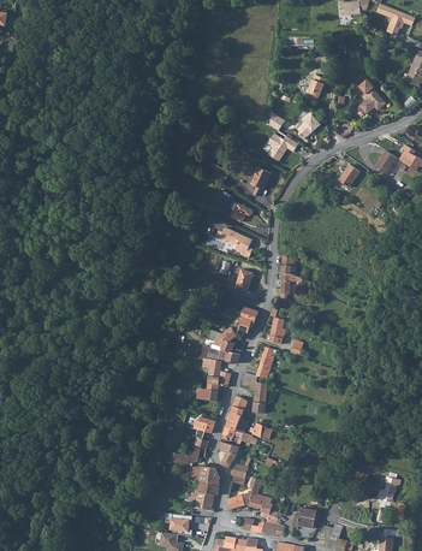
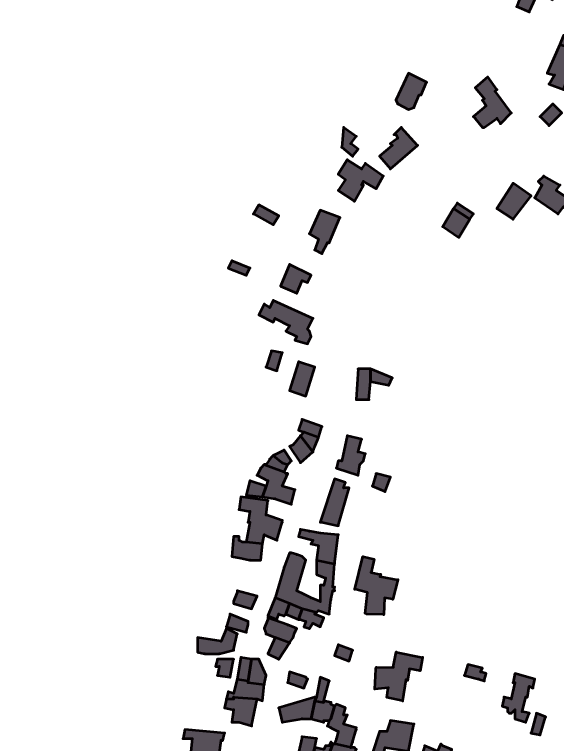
building: none -> [355,557,398,615]
building: none -> [375,652,423,701]

